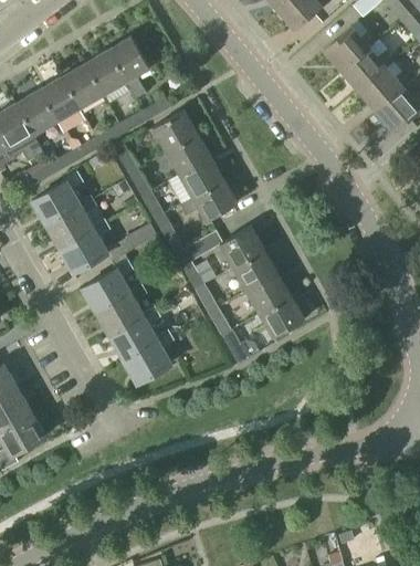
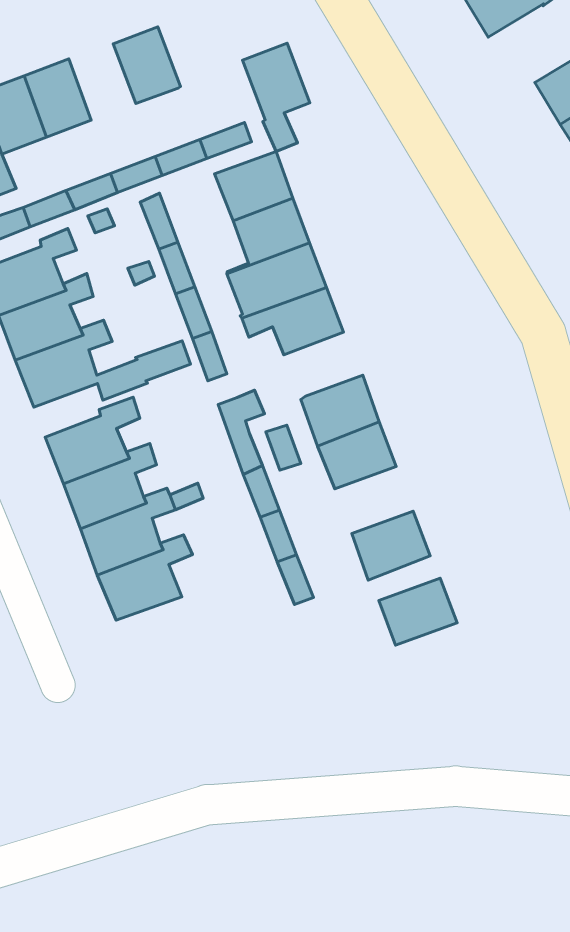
building: [108,38,149,98] -> [243,43,310,152]
building: [62,64,103,108] -> none
building: [246,273,292,314] -> [379,578,457,645]

